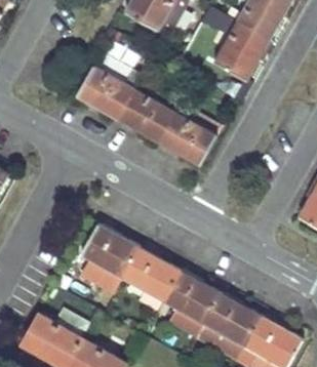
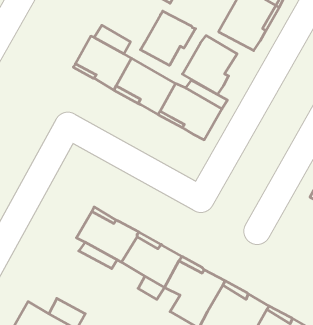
building: none -> [140,11,196,65]
building: none -> [182,36,237,94]

